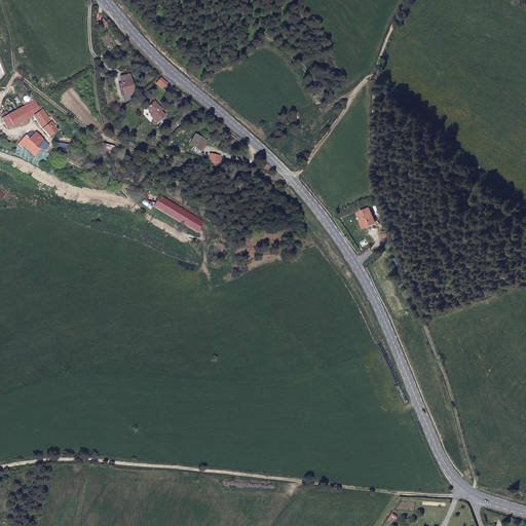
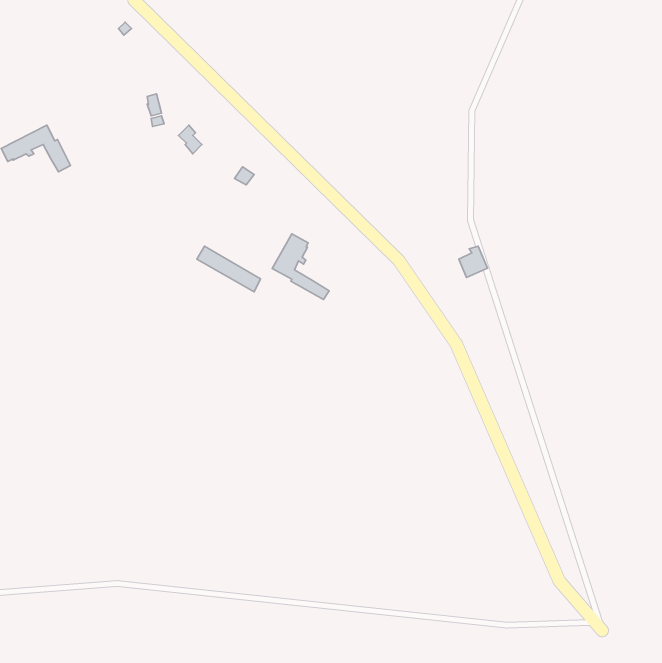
building: [12,134,46,154] -> none
building: none -> [272,234,329,300]

